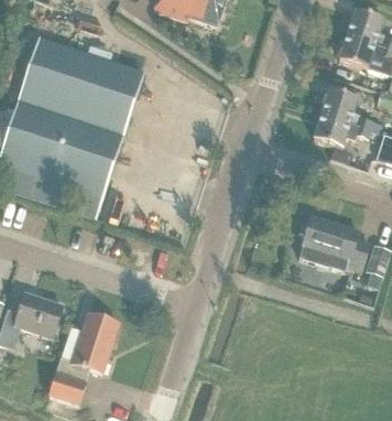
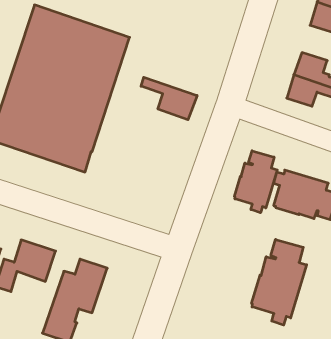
building: none -> [141,77,197,120]
building: none -> [234,151,277,213]
building: none -> [252,239,307,325]

